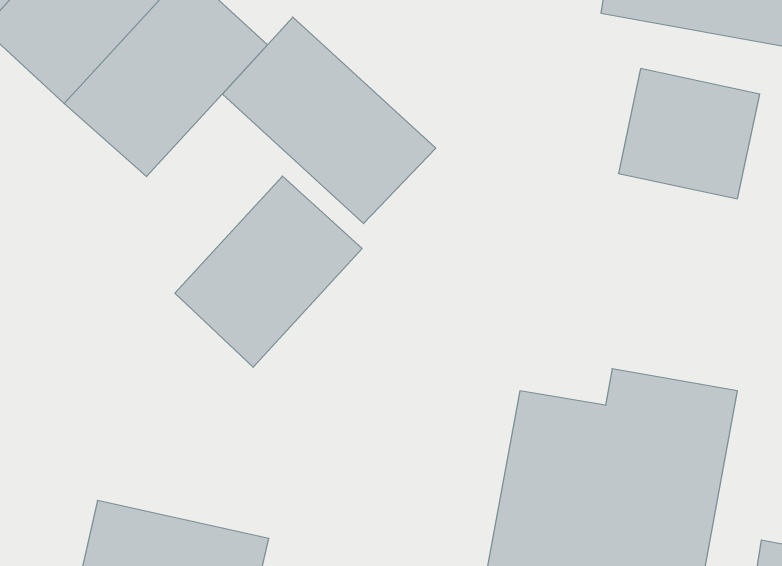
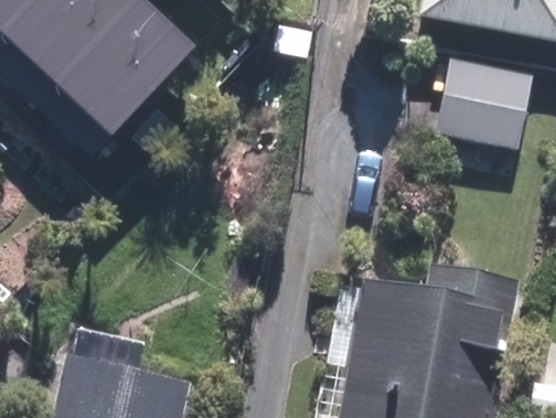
building: [222,17,436,224] -> none
building: [175,176,362,367] -> none

